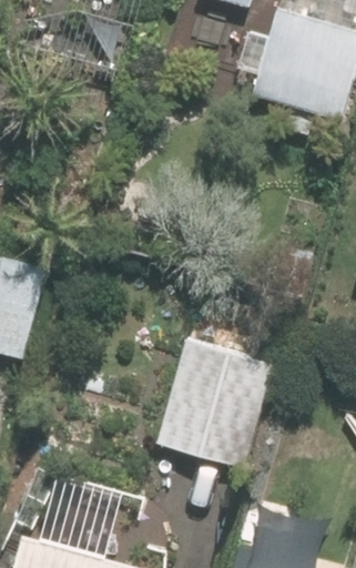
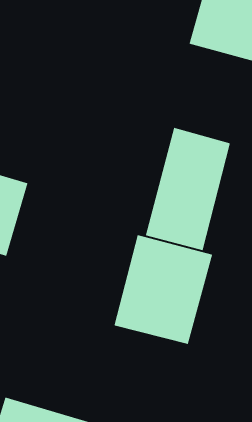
building: none -> [145,127,231,251]

